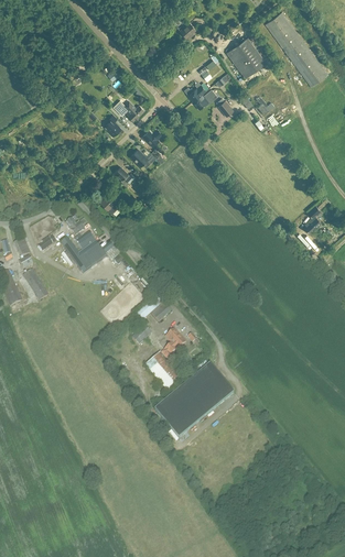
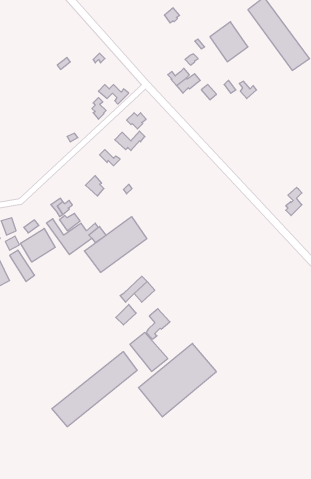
building: none -> [84,217,147,272]
building: none -> [21,228,55,262]
building: none -> [52,352,137,427]

